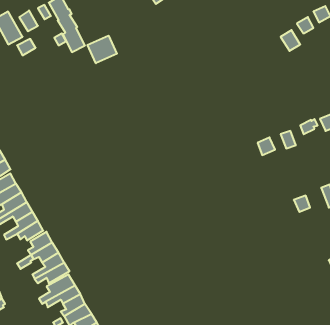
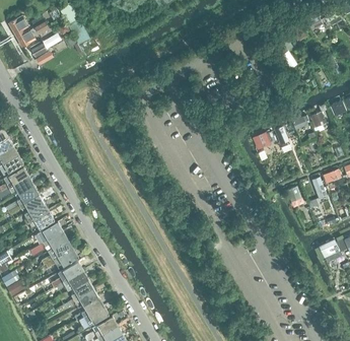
building: [87,36,117,63] -> none

